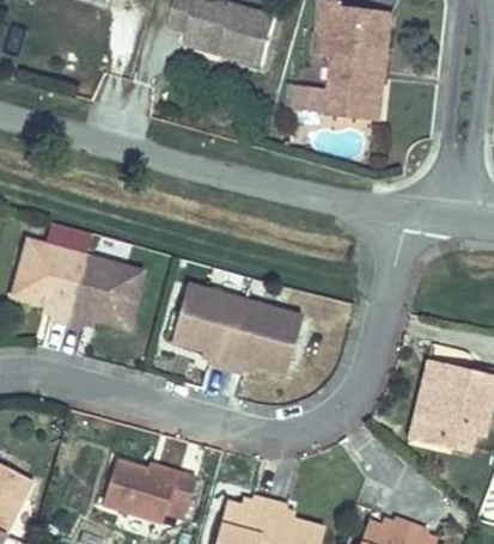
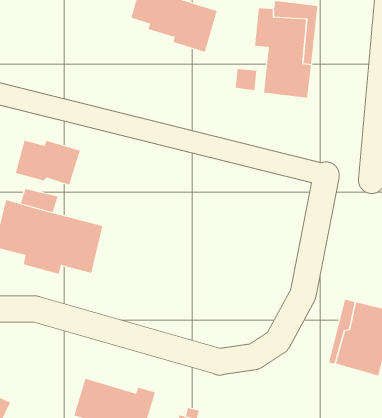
building: none -> [15,140,81,186]
building: [167,286,295,372] -> none

